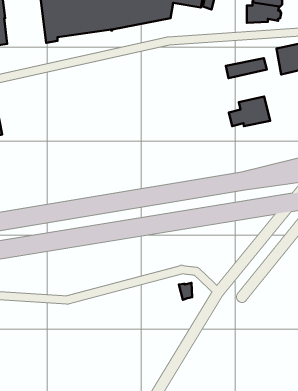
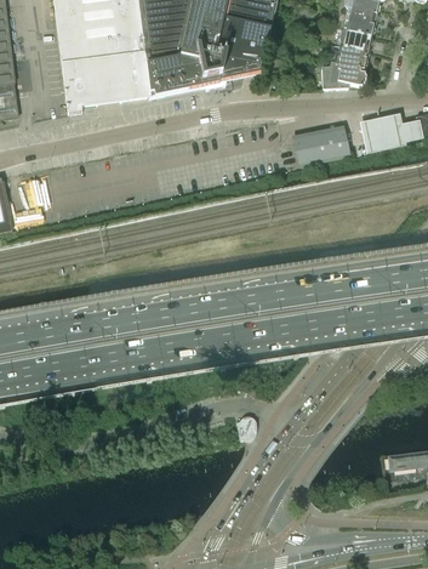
building: [229,96,270,126] -> none

